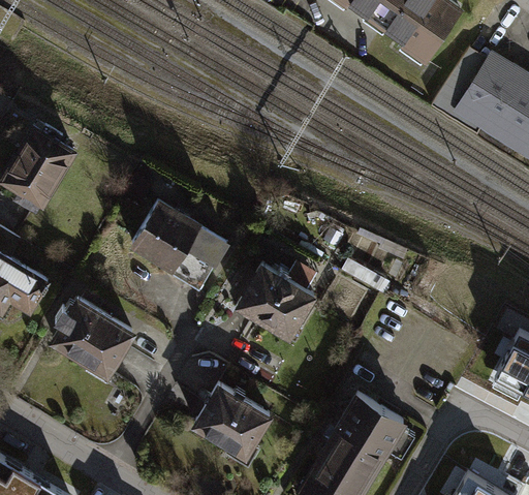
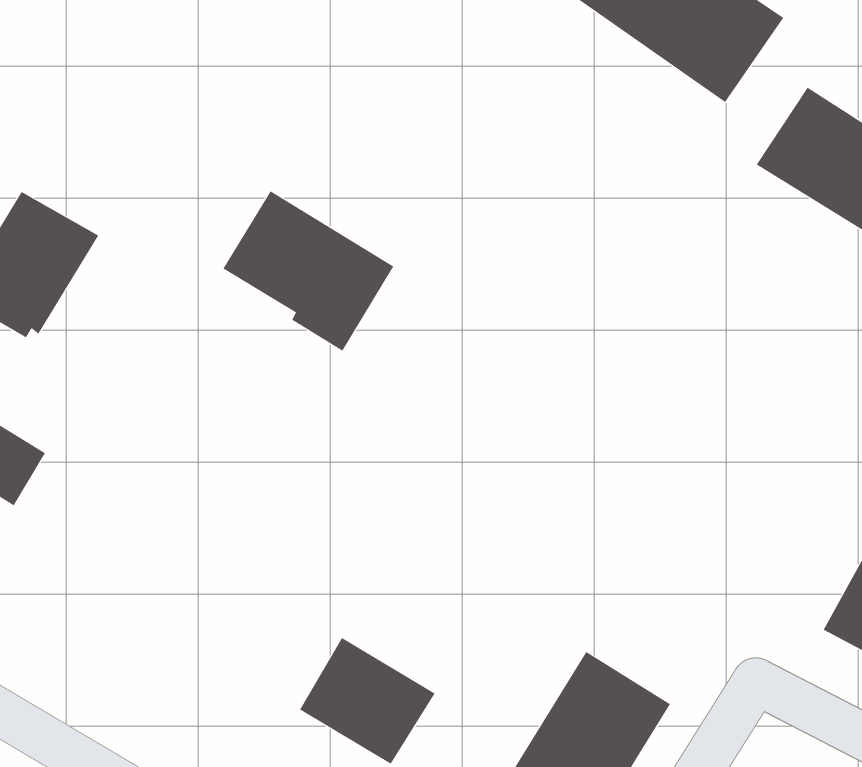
building: [126,198,226,292] -> [222,191,394,352]
building: [238,266,317,340] -> none
building: [51,297,131,373] -> none

